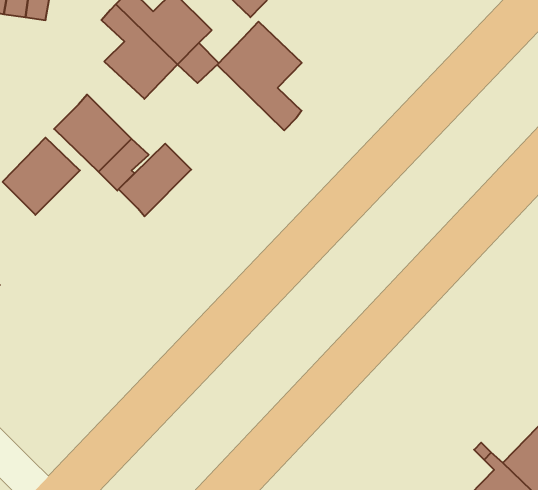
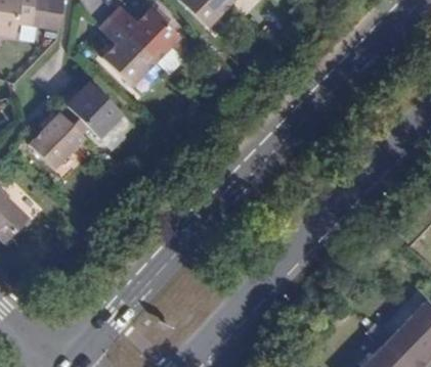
building: [217,22,302,130] -> none
building: [119,144,191,216] -> none

